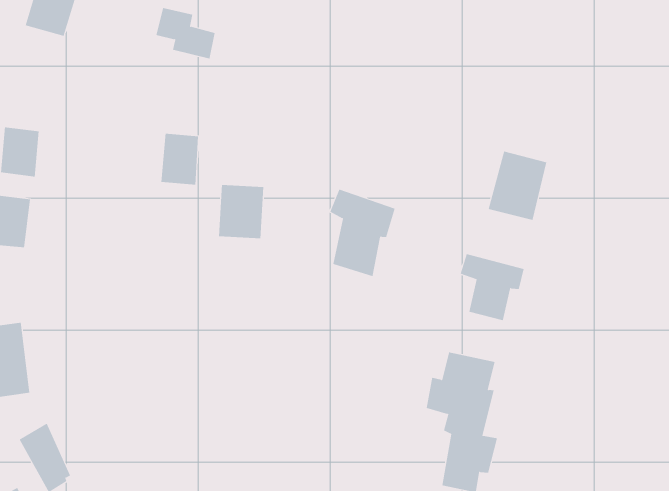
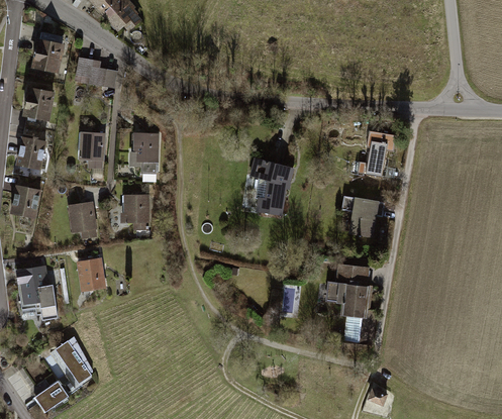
building: [156,7,216,59] -> [77,58,117,90]
building: none -> [29,88,52,123]
building: none -> [78,129,104,164]
building: [218,185,264,239] -> [120,196,150,232]
building: none -> [70,201,95,239]
building: none -> [77,259,103,296]

